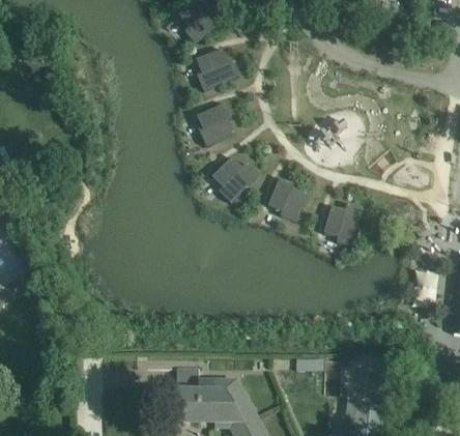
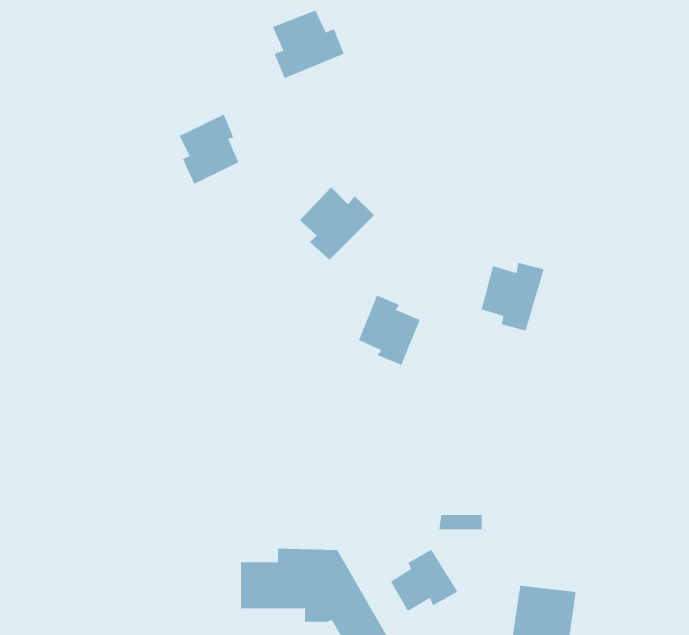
building: [197,103,234,146] -> [179,114,239,184]
building: [268,177,307,221] -> [358,295,420,365]
building: none -> [390,549,458,612]

